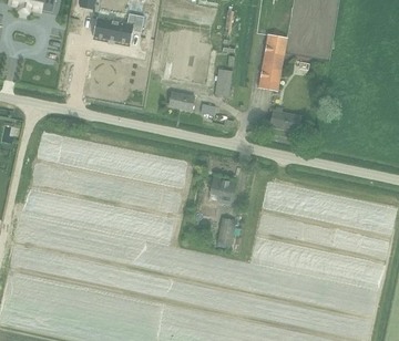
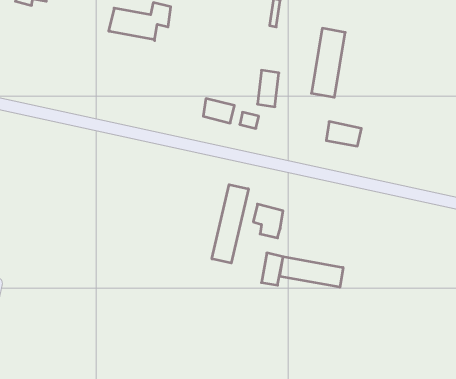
building: none -> [212,185,248,263]
building: none -> [280,257,343,287]

